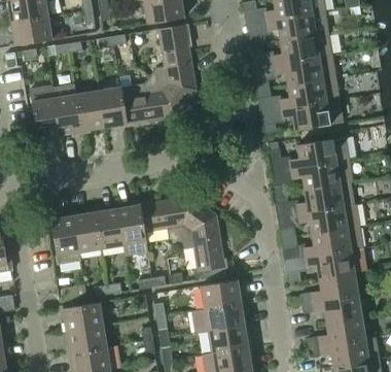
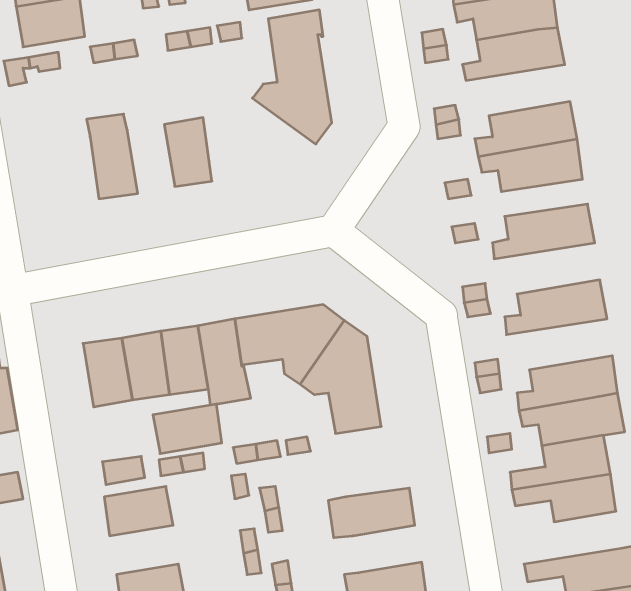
building: [274,56,334,86] -> none
building: [120,75,186,124] -> none
building: [29,84,60,138] -> none
building: [76,91,104,131] -> none
building: [290,160,352,190] -> none
building: [297,204,359,234] -> none
building: [201,279,241,308] -> none
building: [307,316,365,347] -> none
building: [66,325,106,353] -> [153,404,222,454]
building: [208,325,248,352] -> none

